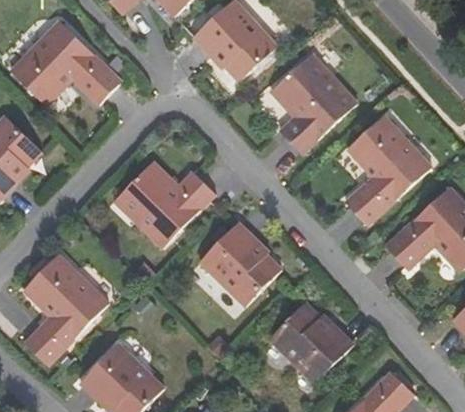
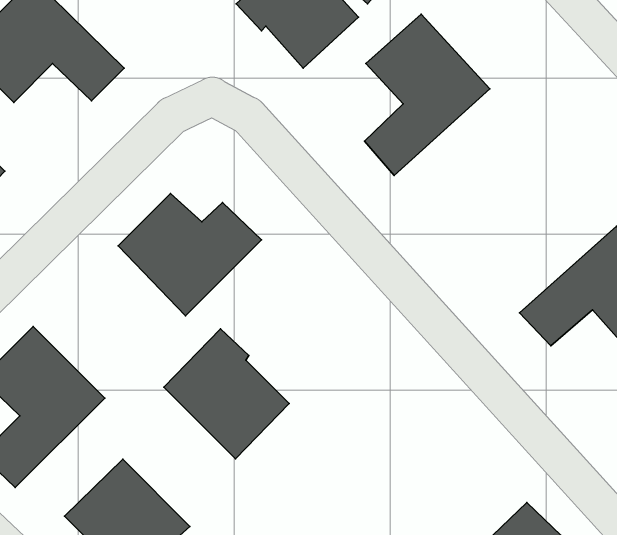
building: [345,116,429,224] -> none
building: [199,222,283,309] -> [164,329,289,459]
building: [269,304,351,383] -> none

